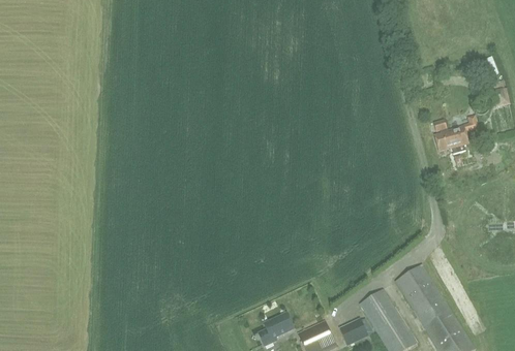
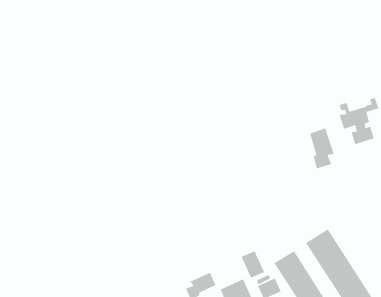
building: none -> [310,128,335,169]
building: none -> [241,251,265,278]

